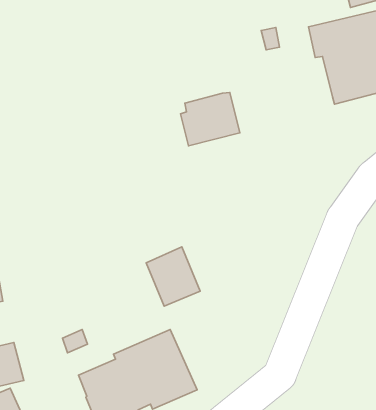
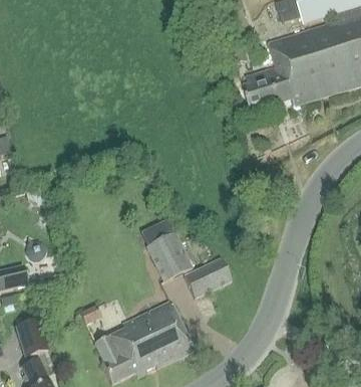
building: [180,92,240,146] -> [243,64,293,111]
building: none -> [184,255,232,297]

